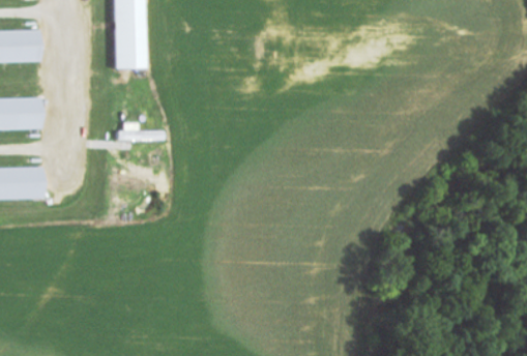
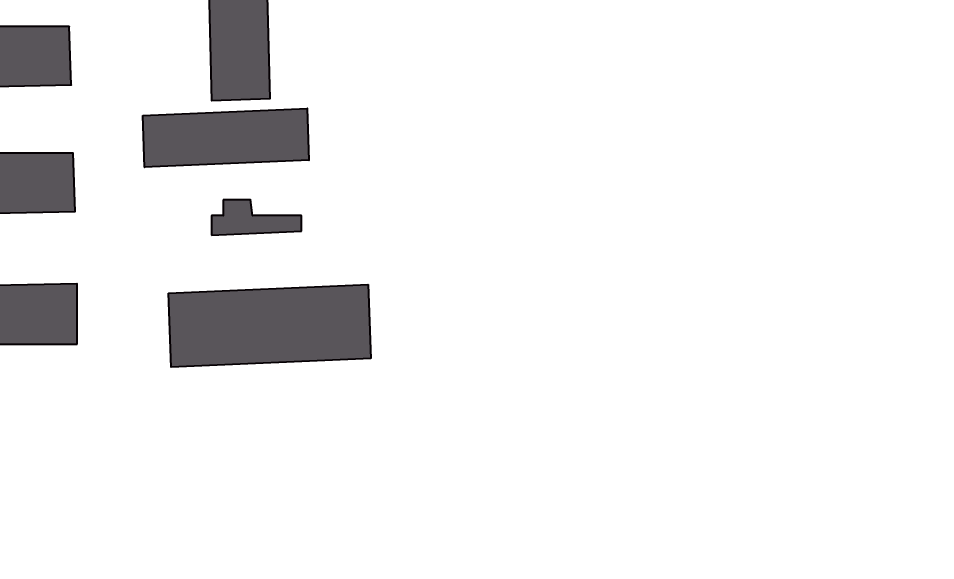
building: none -> [143,108,309,167]
building: none -> [169,285,371,367]

